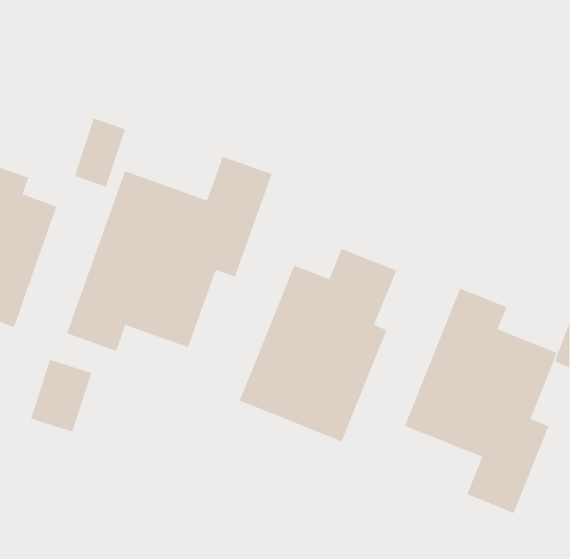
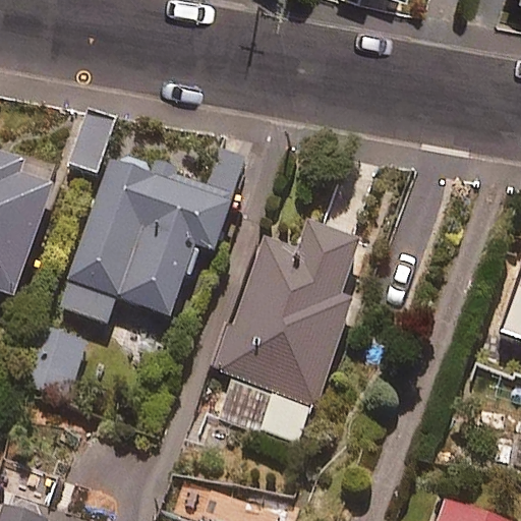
building: [404,288,558,514] -> none
building: none -> [217,369,310,440]

